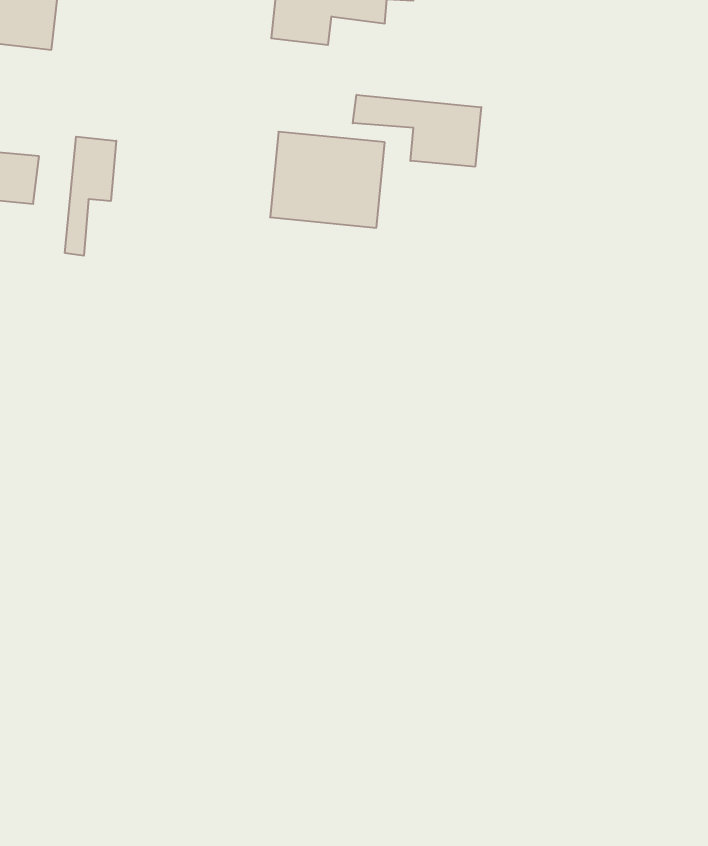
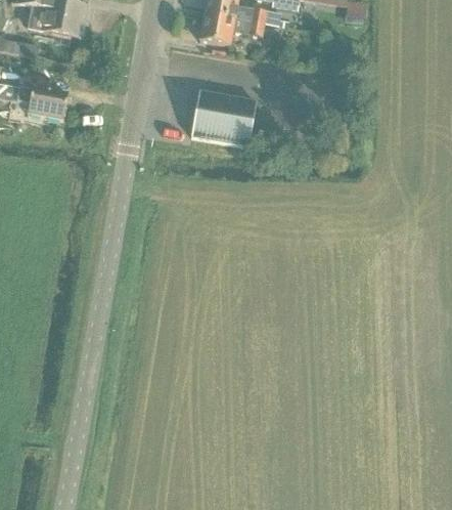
building: [353,95,481,167] -> none
building: [65,137,116,256] -> none

